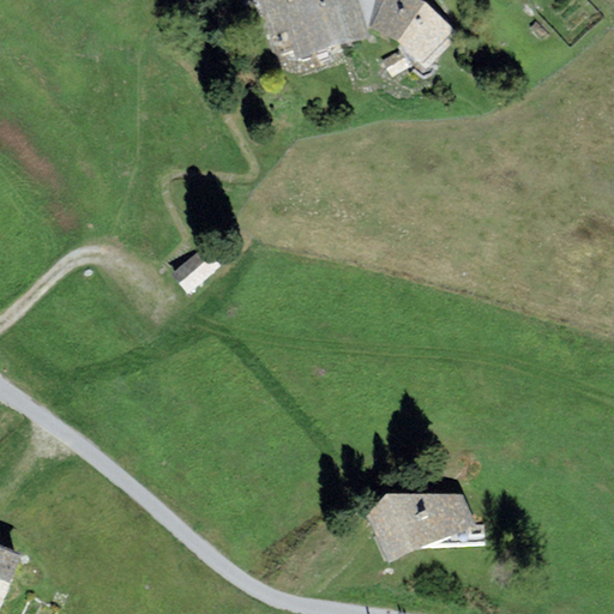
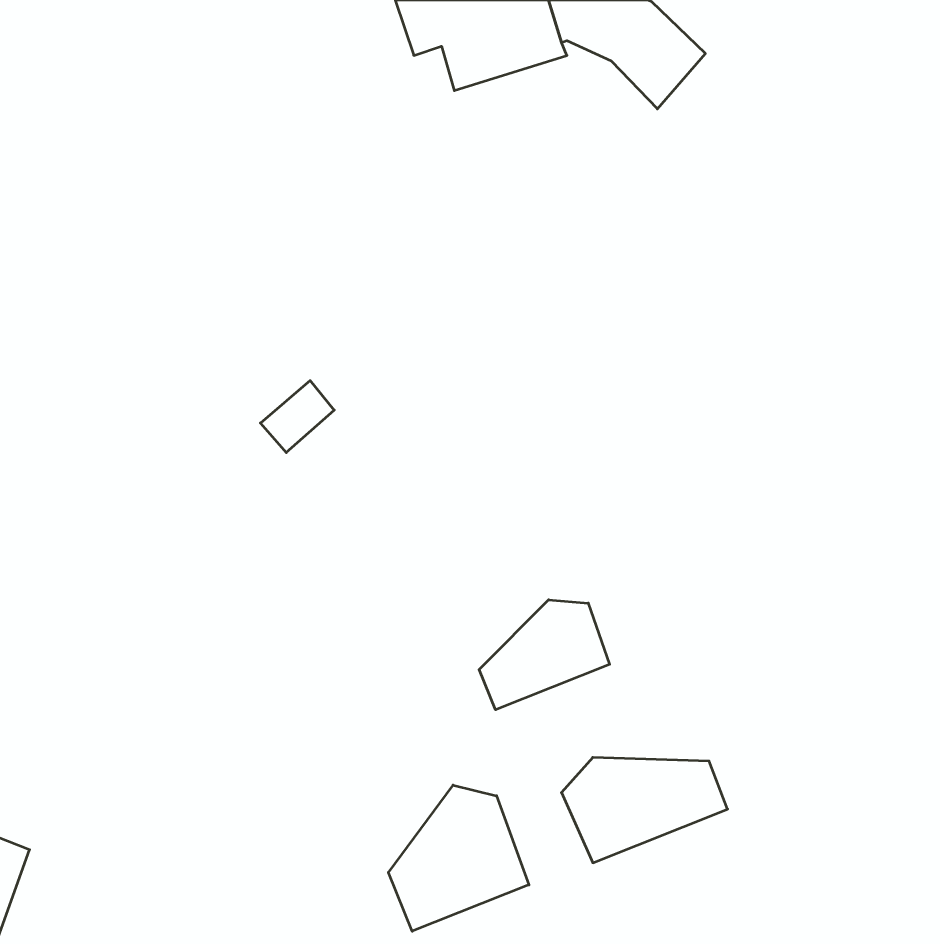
building: none -> [479,600,610,710]
building: none -> [388,785,529,931]

